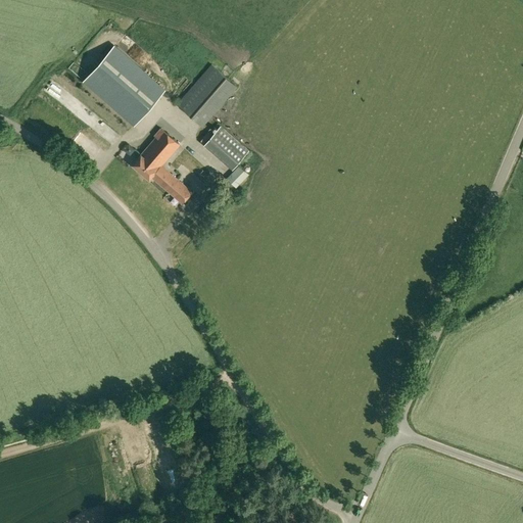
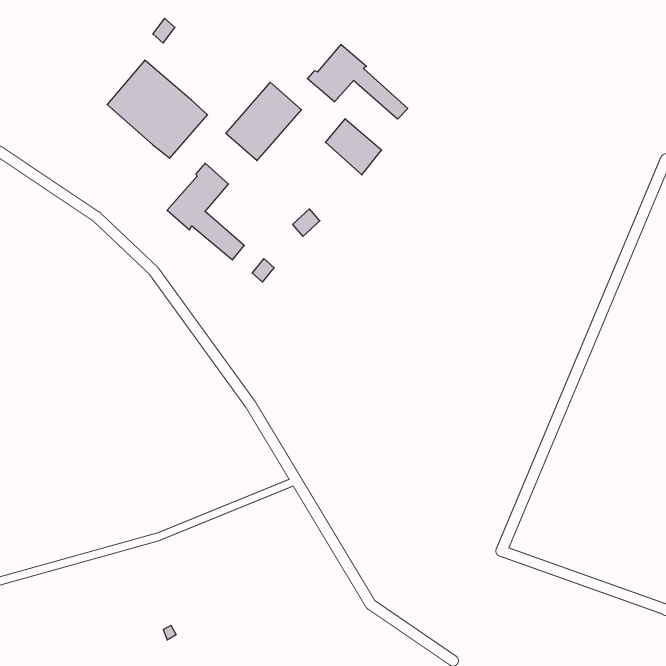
building: none -> [308,44,408,119]
building: [203,127,247,171] -> [325,119,382,175]

